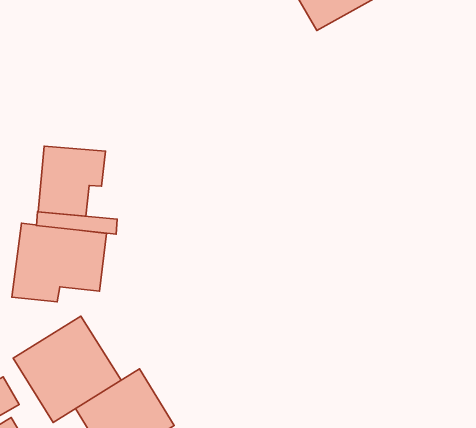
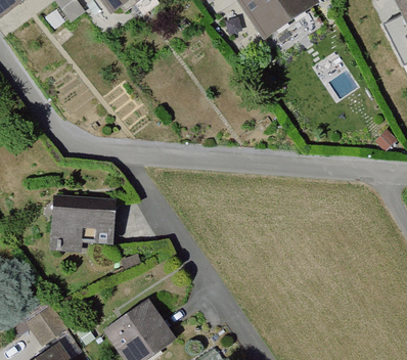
building: [38,146,105,216] -> none
building: [13,316,121,422] -> none

